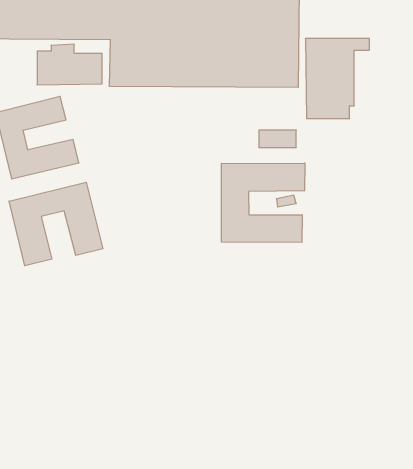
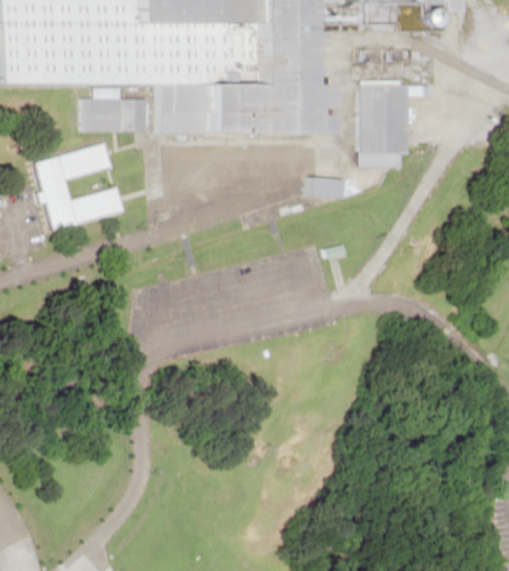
building: [221,163,305,242] -> none
building: [9,182,103,266] -> none

